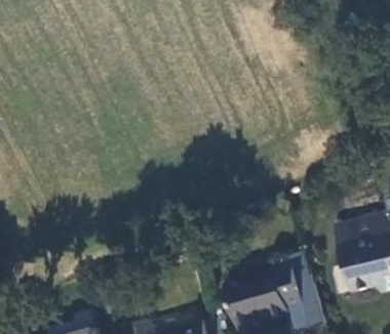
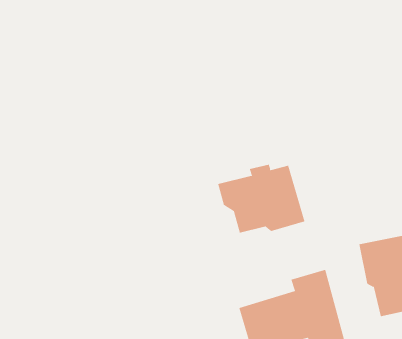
building: none -> [217,164,305,234]

